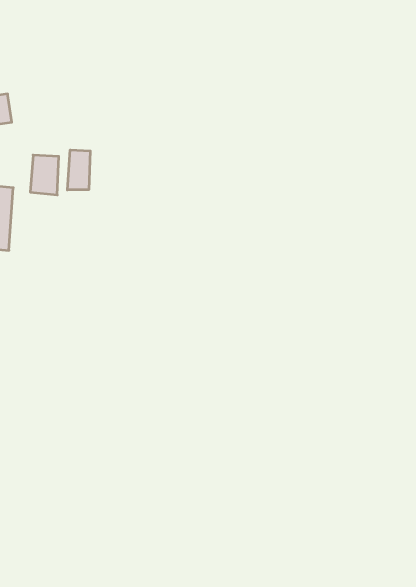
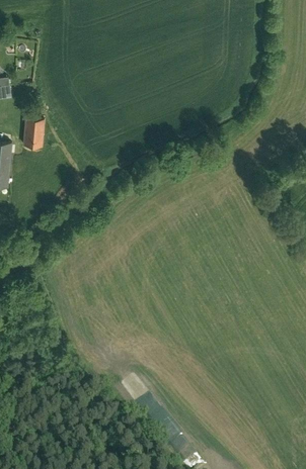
building: [67,150,90,190] -> none

